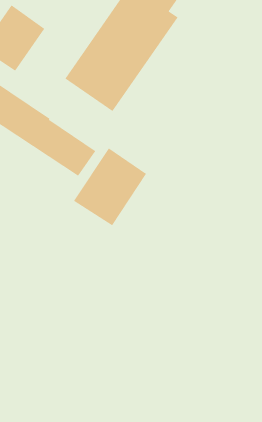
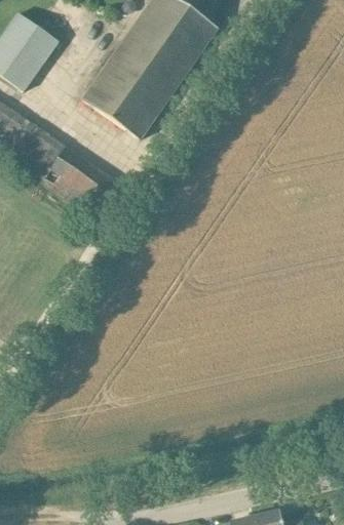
building: [73,147,147,226] -> none

